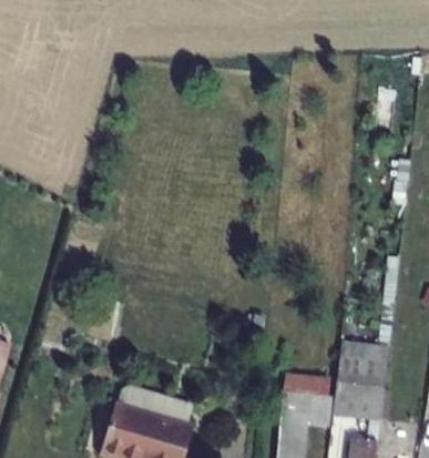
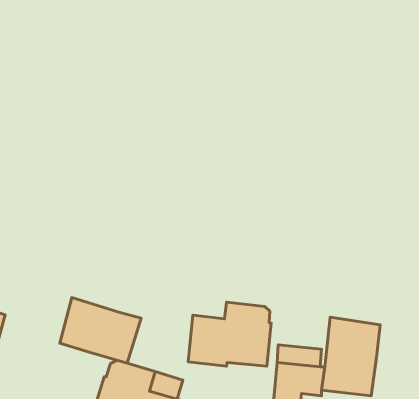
building: none -> [60,297,141,363]
building: none -> [188,302,271,366]

